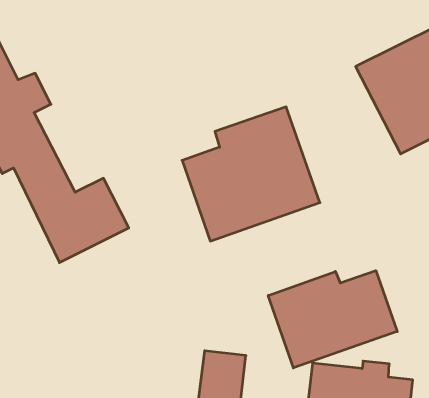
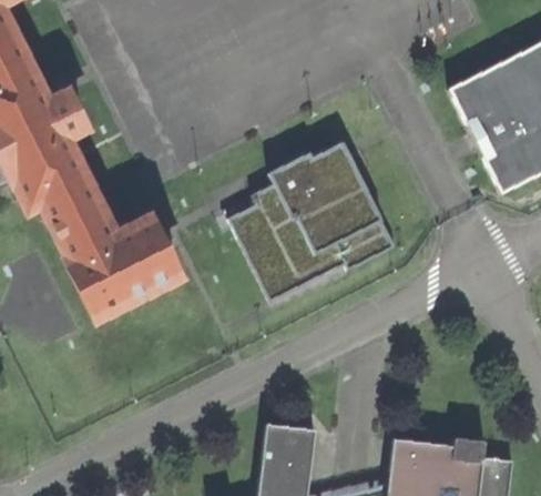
building: [268,271,397,368] -> none

